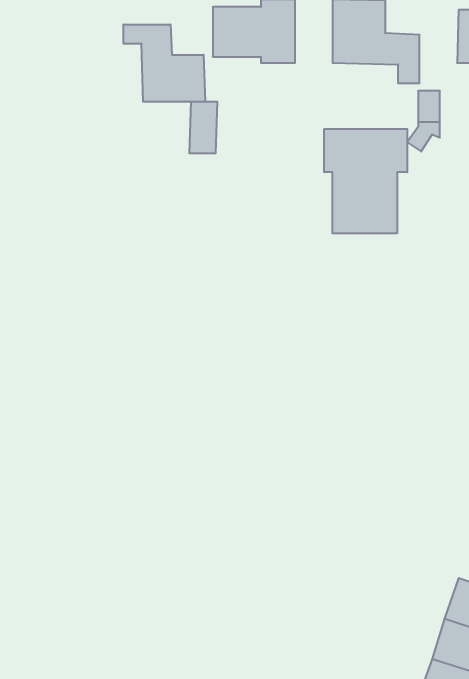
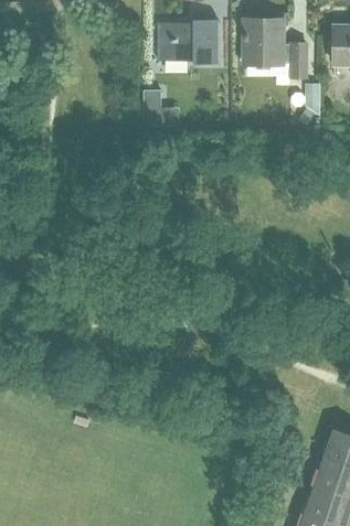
building: [123,24,205,102] -> none
building: [324,129,407,233] -> none

